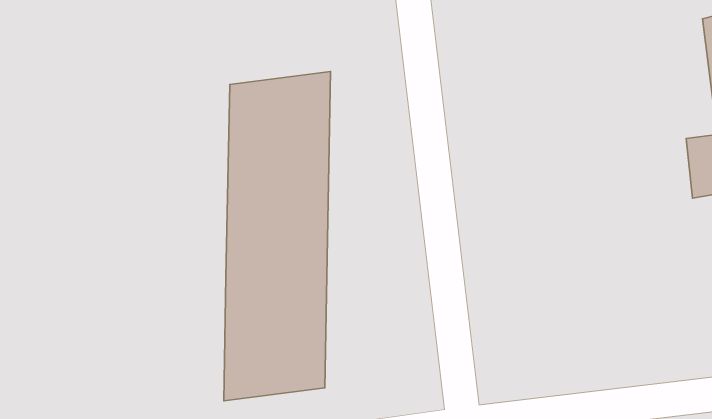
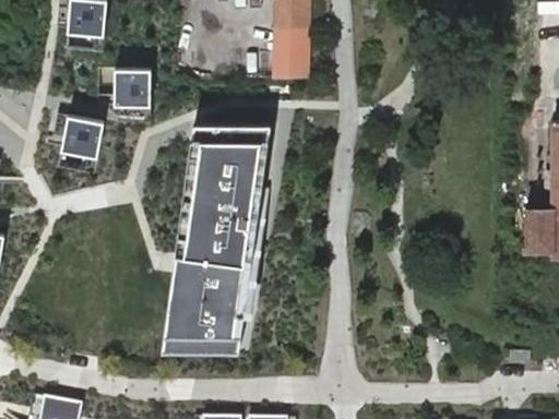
building: none -> [117,72,152,108]
building: none -> [63,119,104,158]

